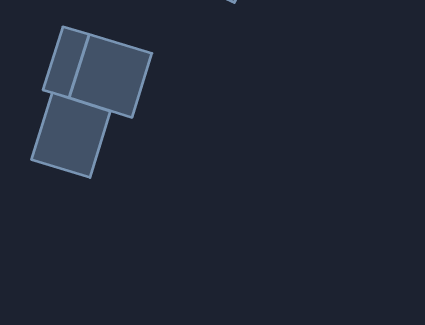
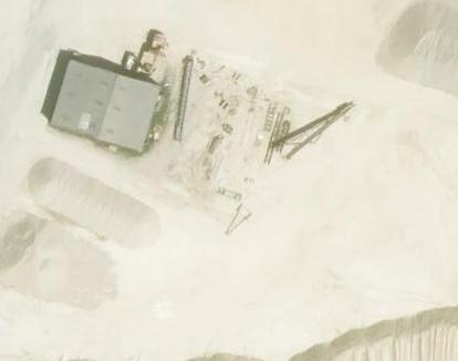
building: [32,93,110,178] -> none

